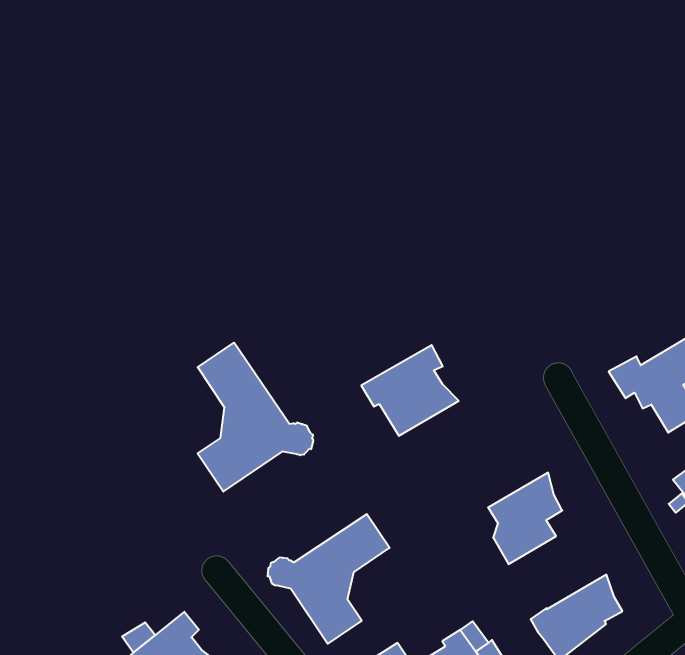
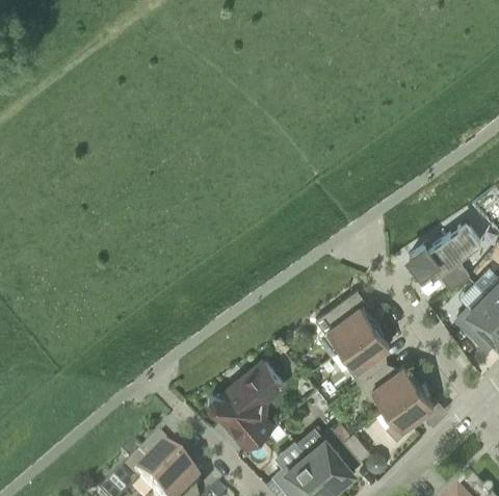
building: [198,343,313,492] -> none
building: [361,345,459,436] -> [315,290,377,349]
building: none -> [359,363,421,410]

